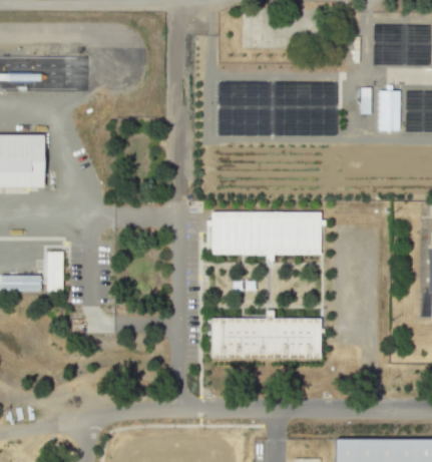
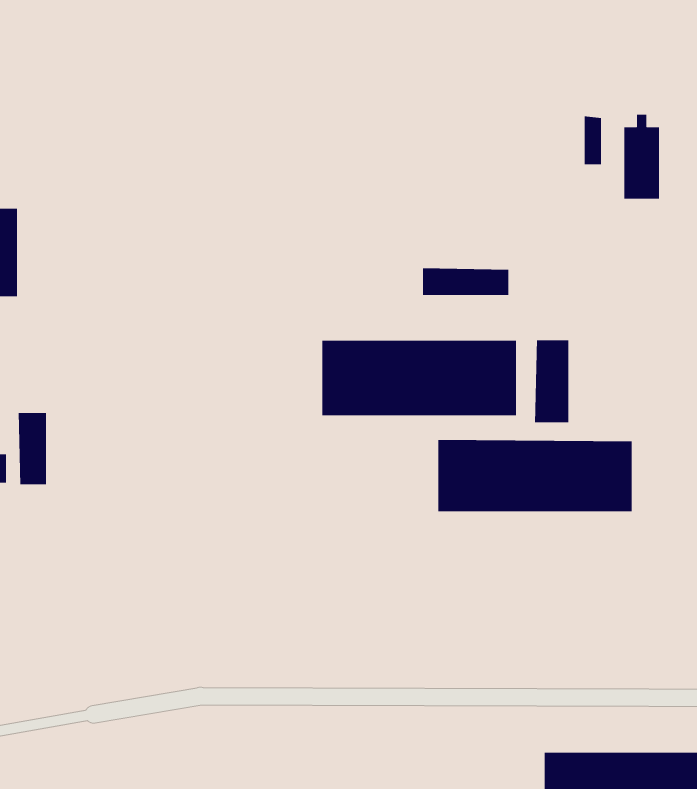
building: none -> [422,267,509,296]
building: none -> [534,339,569,423]
building: [212,318,321,358] -> [437,439,633,512]

